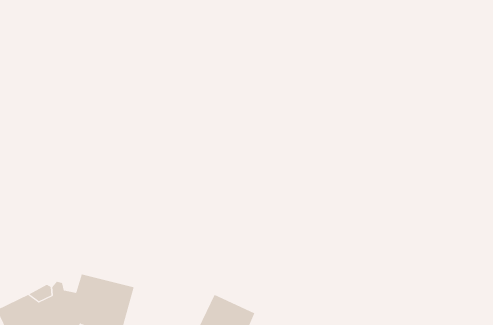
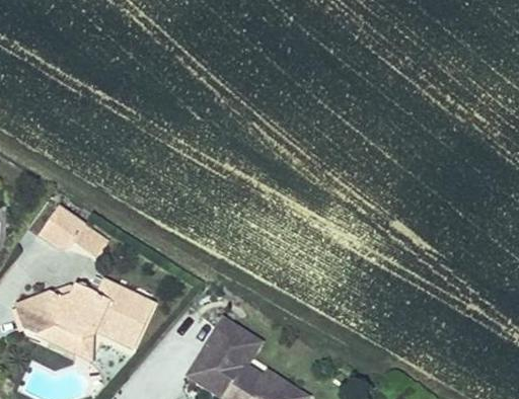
building: none -> [47,208,86,249]

